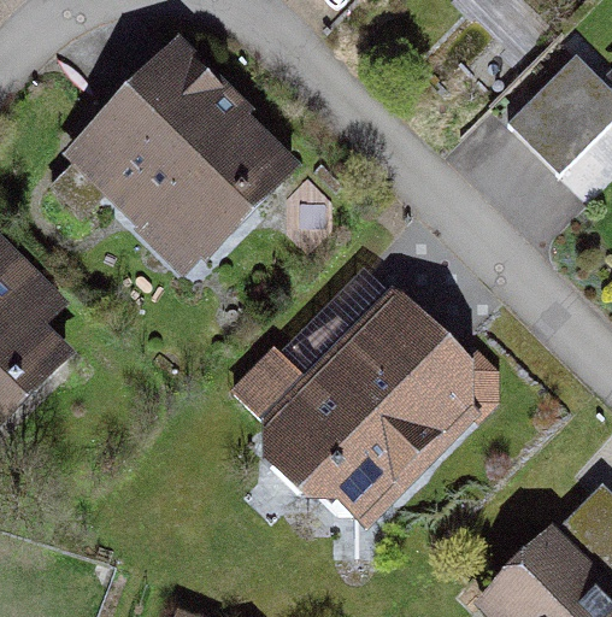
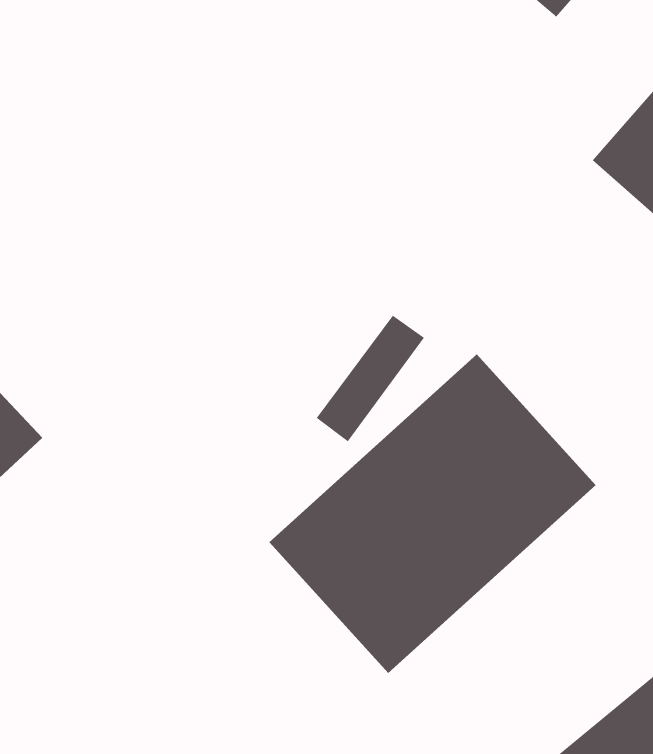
building: [81,54,293,270] -> none

